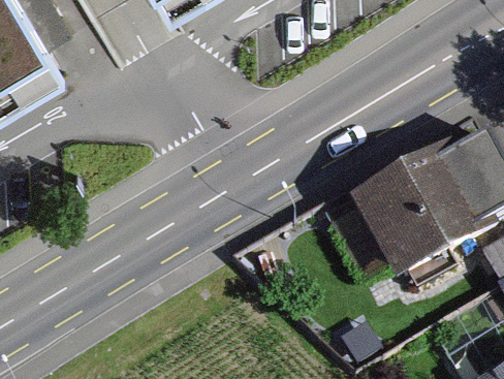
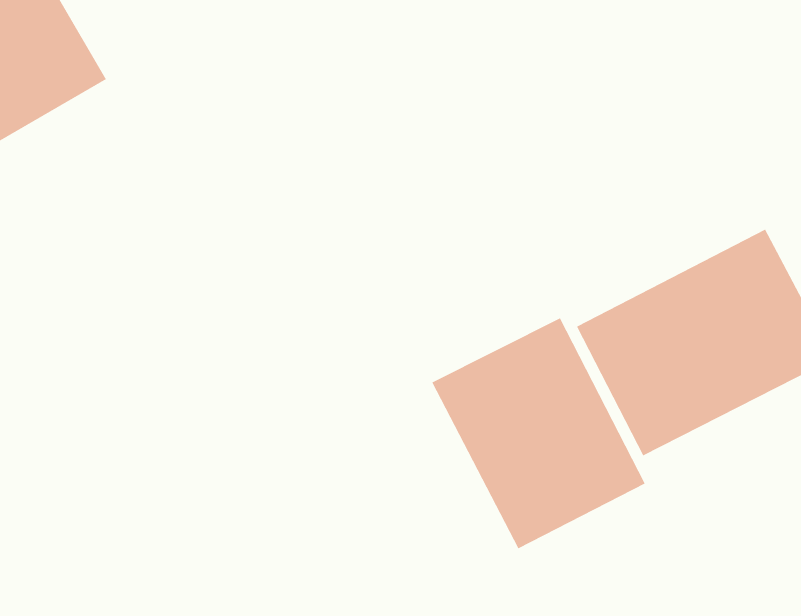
building: none -> [432,317,646,549]

